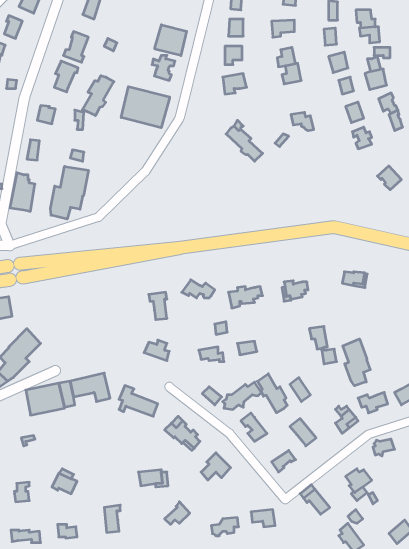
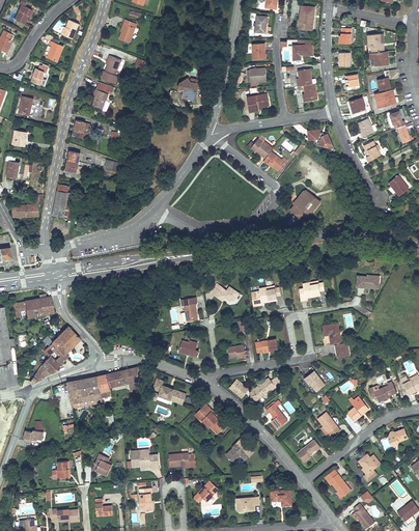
building: [155,25,187,56] -> none
building: [82,76,114,116] -> none
building: [121,87,170,128] -> none
building: [50,166,88,219] -> none
building: none -> [287,193,318,222]
building: [343,339,370,386] -> none
building: [257,374,287,413] -> none
building: none -> [131,450,161,469]

